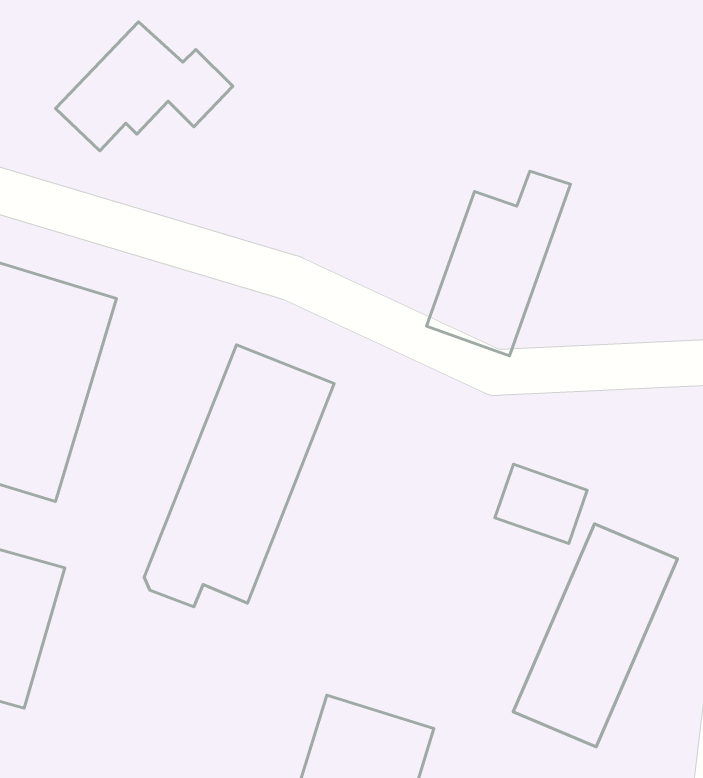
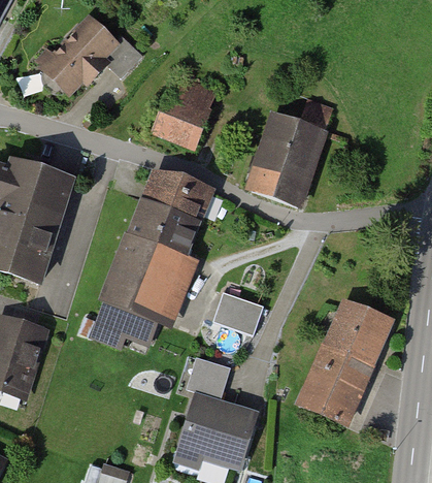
building: none -> [155,97,205,146]
building: none -> [143,172,209,221]
building: [495,464,587,544] -> [211,291,263,335]
building: none -> [187,357,229,397]

